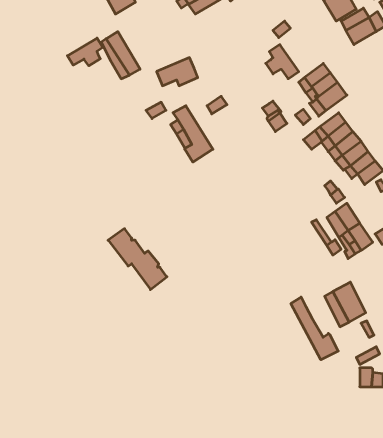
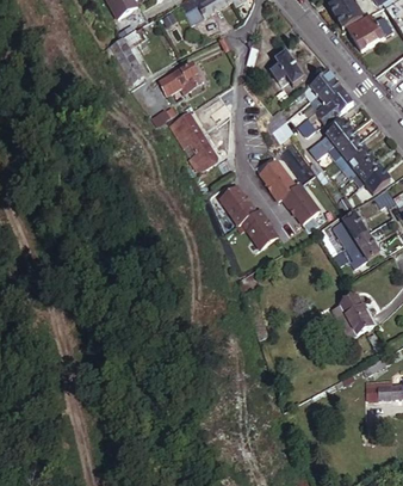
building: [67,38,103,66] -> none
building: none -> [259,162,318,224]
building: [108,229,167,290] -> [219,186,279,248]
building: [291,297,338,360] -> none

